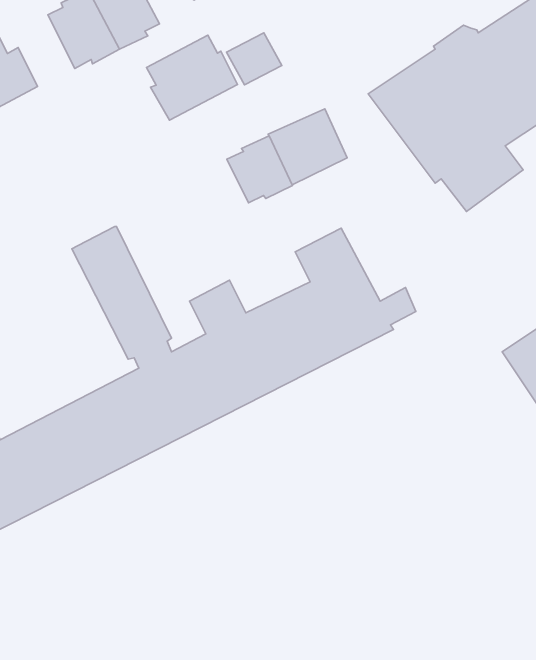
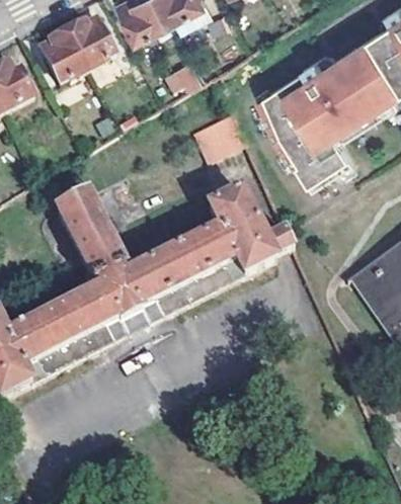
building: [146,35,237,120] -> none
building: [227,136,292,203] -> none

